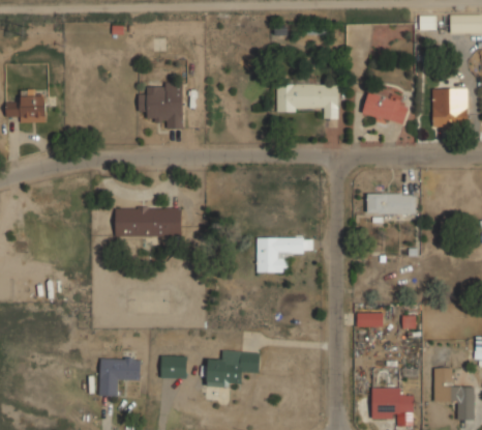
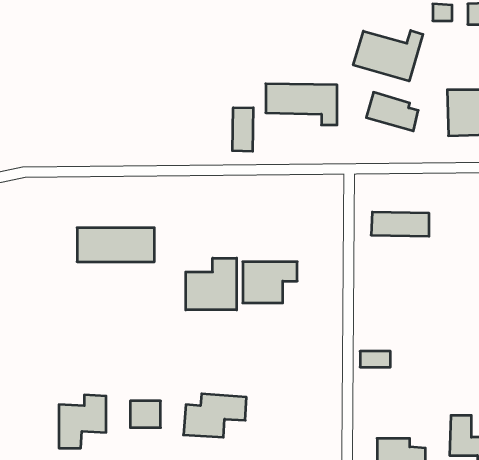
building: none -> [353,30,423,81]
building: [138,85,182,128] -> none
building: none -> [232,108,253,151]
building: none -> [186,258,237,310]

